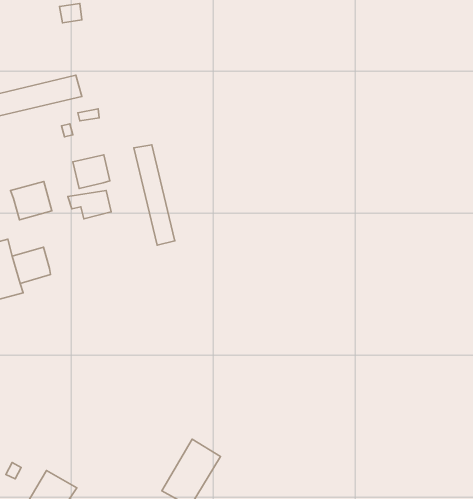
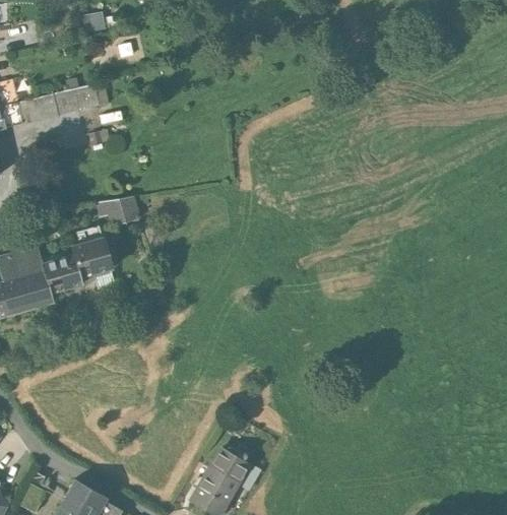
building: [134,145,175,245] -> none
building: [73,155,110,189] -> none
building: [10,181,52,220] -> [68,239,110,277]

